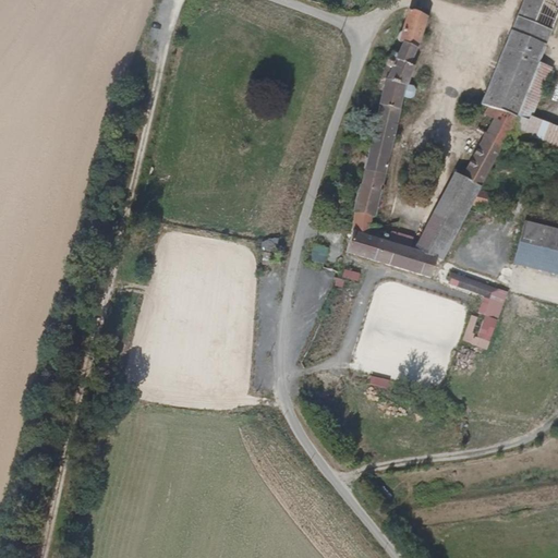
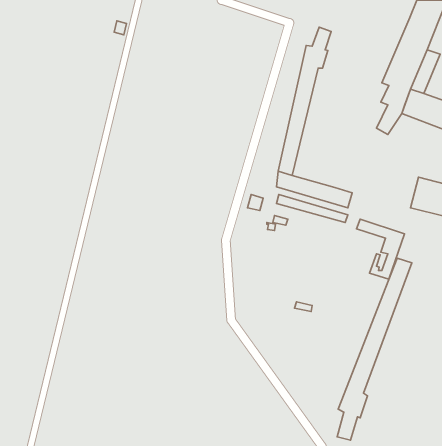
building: [403,5,429,39] -> none
building: [423,157,489,242] -> none
building: none -> [337,258,412,440]

